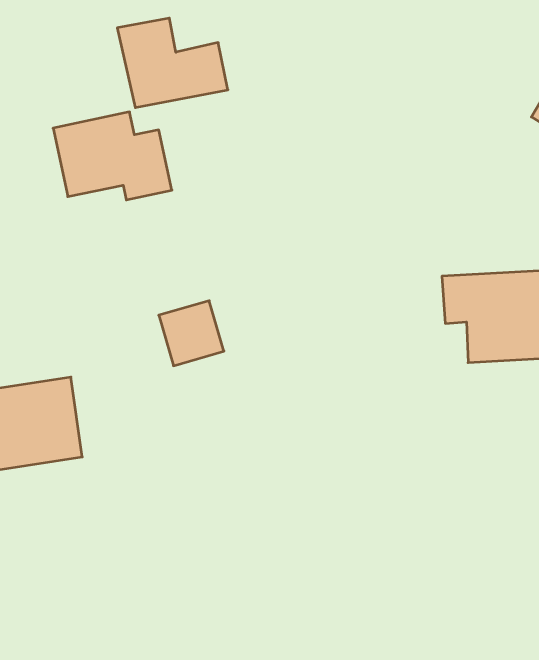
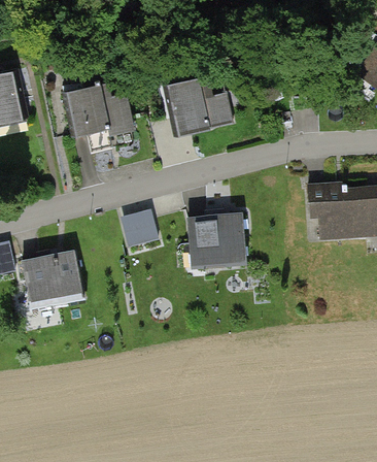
building: [117,18,228,108] -> [164,78,234,135]
building: none -> [184,211,247,268]

